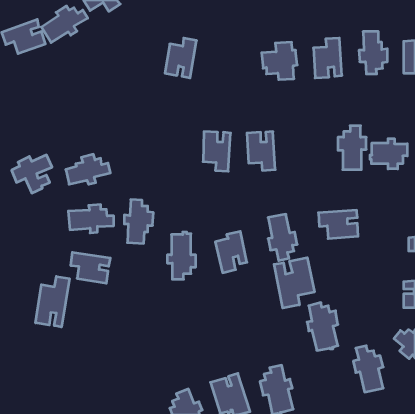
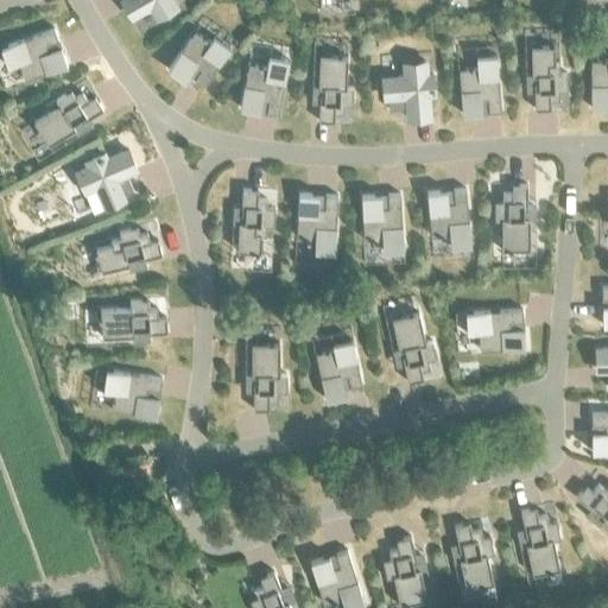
building: [41,6,88,43] -> [34,91,102,145]
building: none -> [169,32,229,86]
building: none -> [311,56,353,122]
building: none -> [426,189,470,246]
building: [370,139,407,169] -> none
building: [12,155,52,193] -> [77,151,137,207]
building: [124,200,153,243] -> [232,189,274,253]
building: [274,258,314,308] -> none
building: [36,276,69,327] -> none
building: [307,303,338,350] -> [450,521,495,591]

